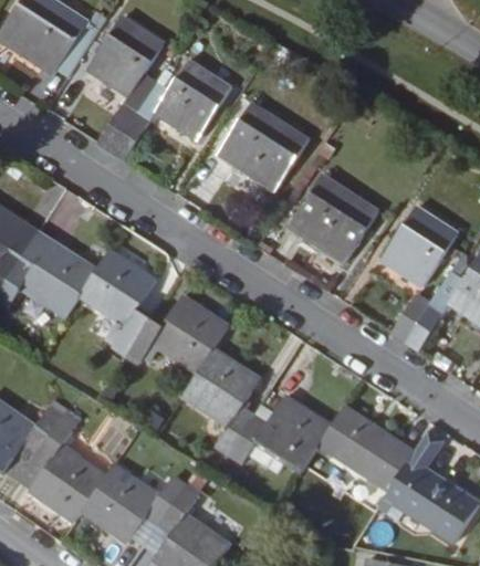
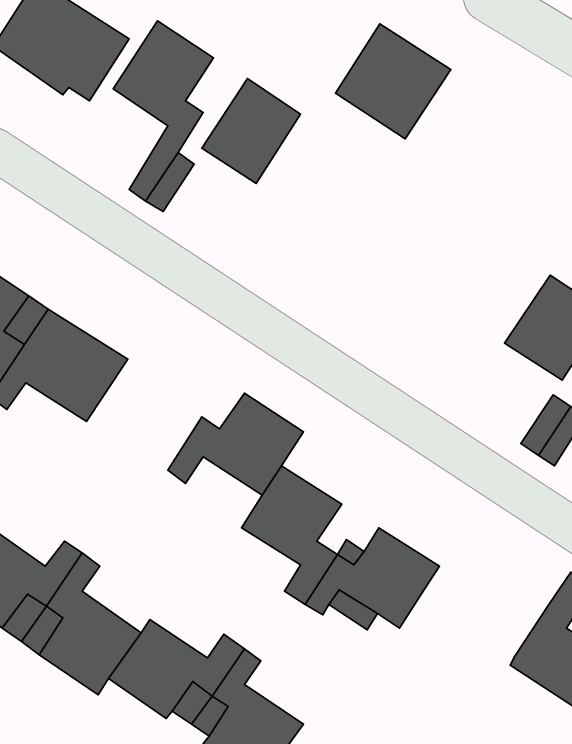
building: [219,103,305,189] -> [336,24,451,139]
building: [284,171,376,262] -> none
building: [80,249,155,353] -> none
building: [316,407,413,492] -> none

